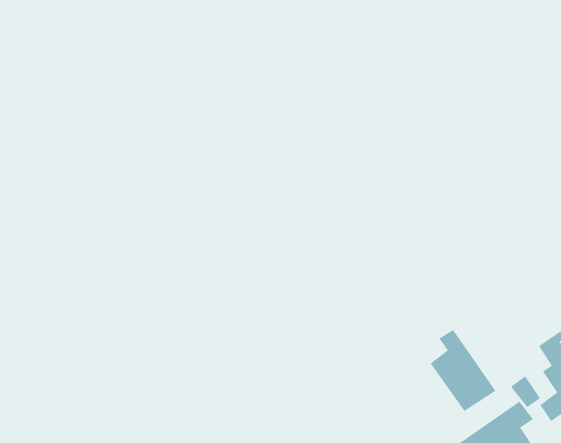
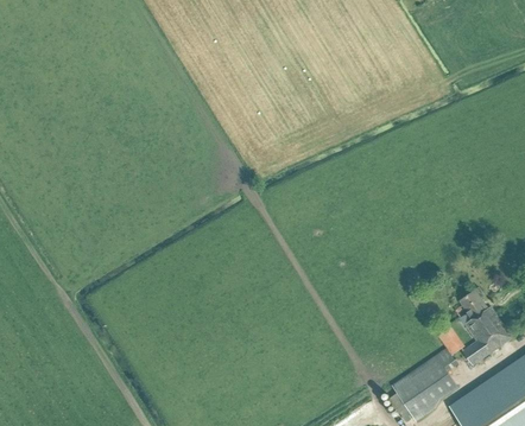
building: [430,329,496,412] -> none

